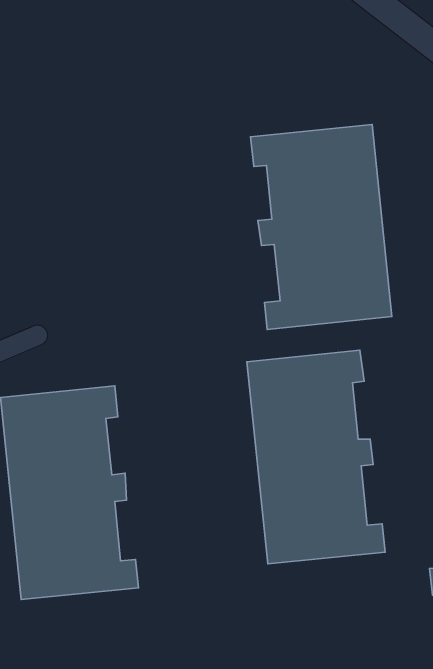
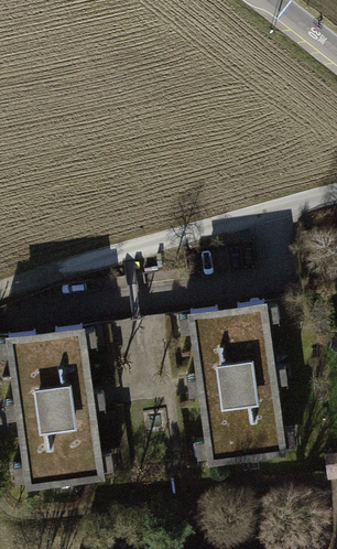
building: [251,125,392,329] -> none

